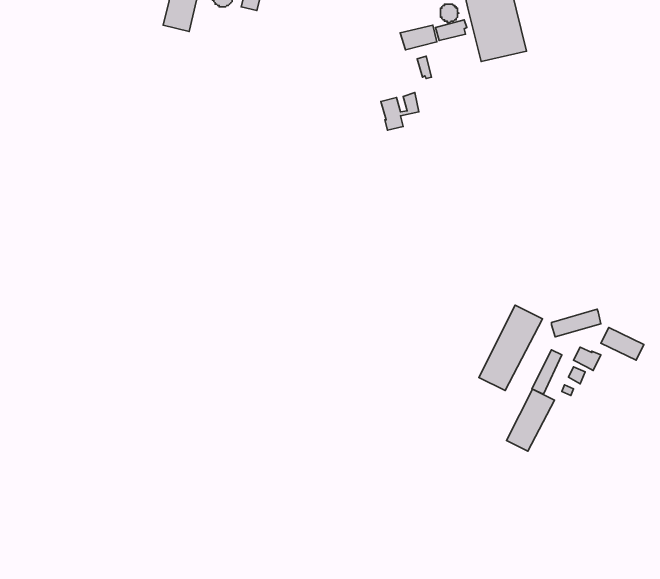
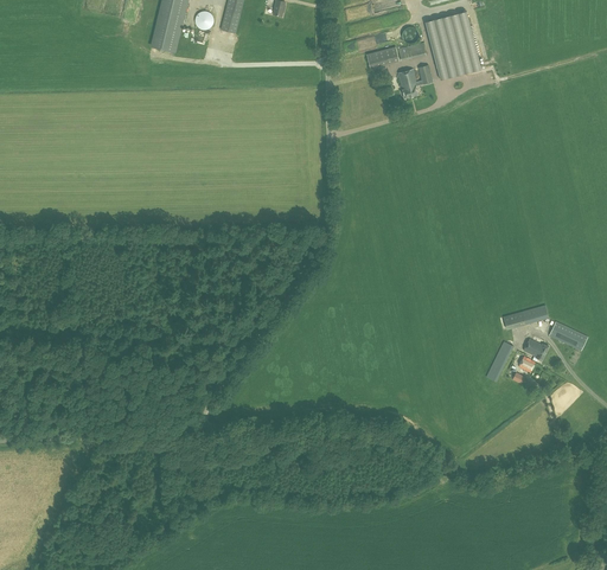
building: [381,92,419,130] -> [397,64,432,98]
building: [479,305,542,390] -> none
building: [507,389,555,451] -> none

